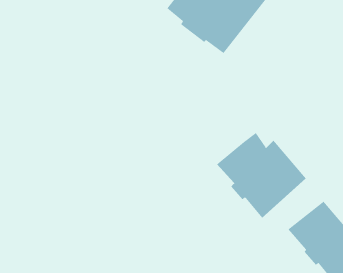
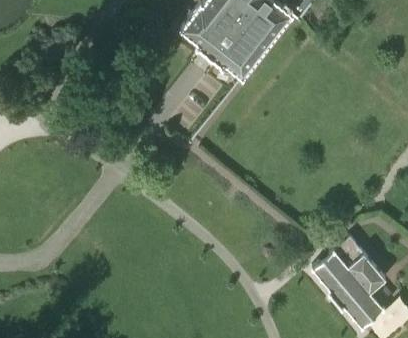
building: [216,132,307,219] -> none

